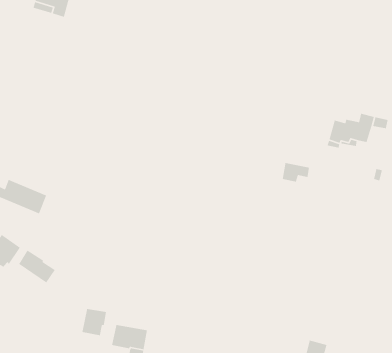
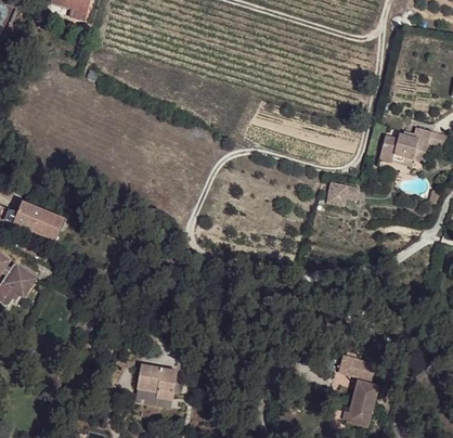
building: [18,249,56,283] -> none
building: [82,308,107,336] -> none
building: none -> [338,356,374,381]

